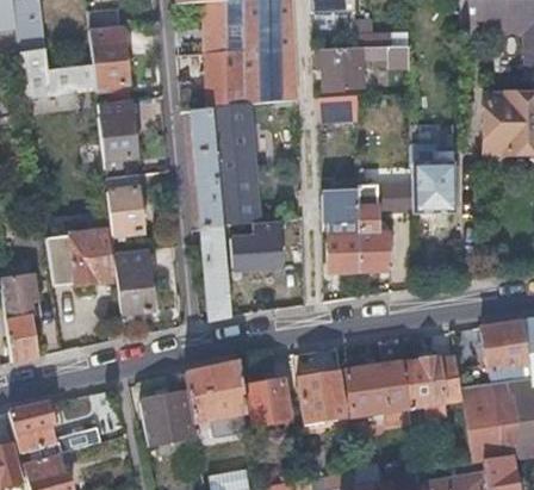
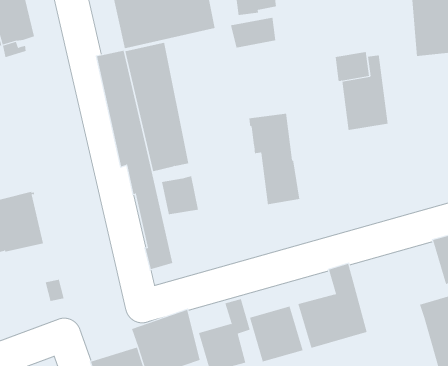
building: [98,101,137,161] -> none
building: [107,175,145,235] -> none
building: [359,184,412,271] -> none
building: [116,249,154,312] -> none
building: [403,354,464,416] -> none

